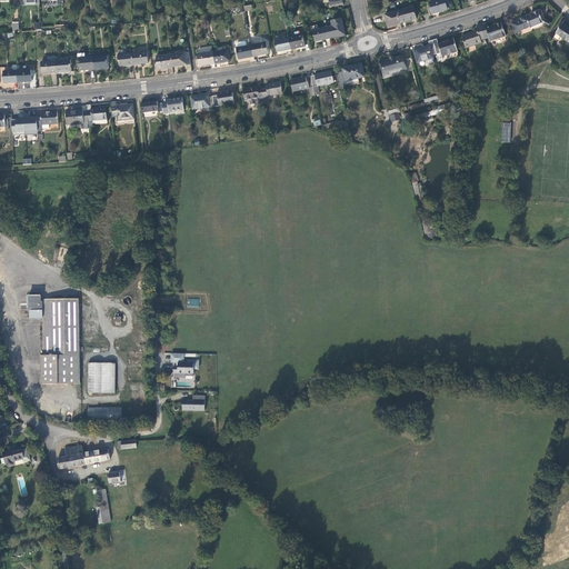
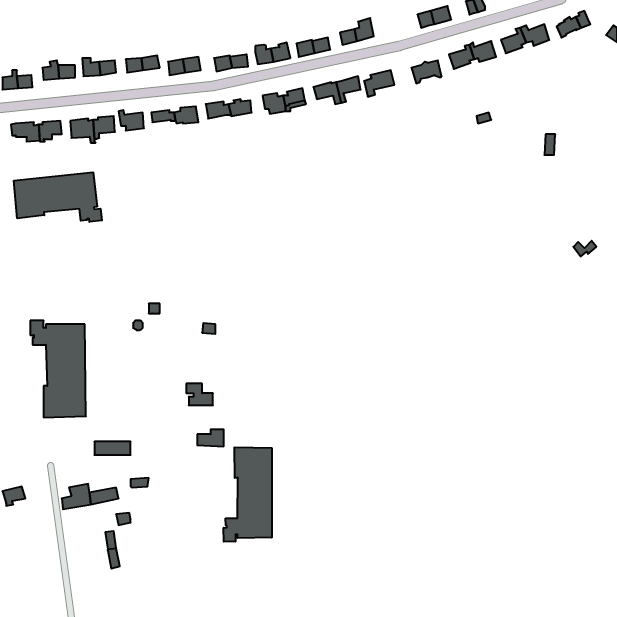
building: none -> [14,172,102,222]
building: [87,362,114,392] -> none
building: none -> [224,447,272,542]

